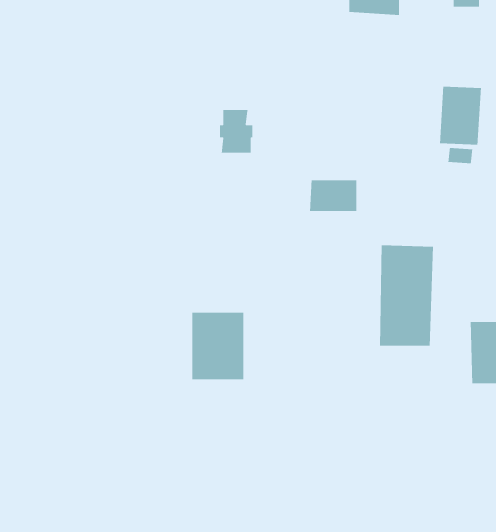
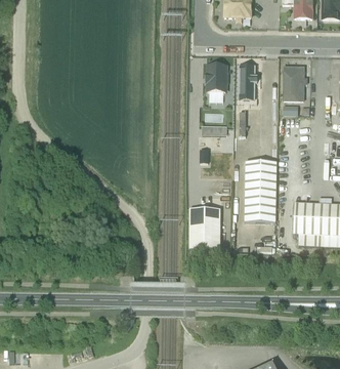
building: none -> [241,65,258,99]
building: [219,109,253,154] -> [207,65,227,91]
building: [191,312,244,380] -> [190,208,222,249]

